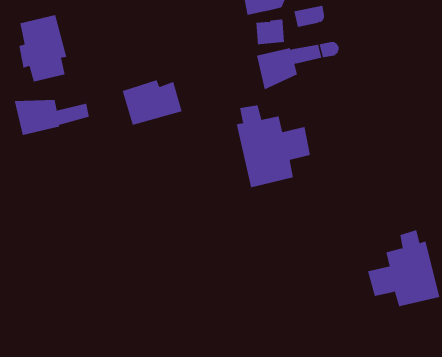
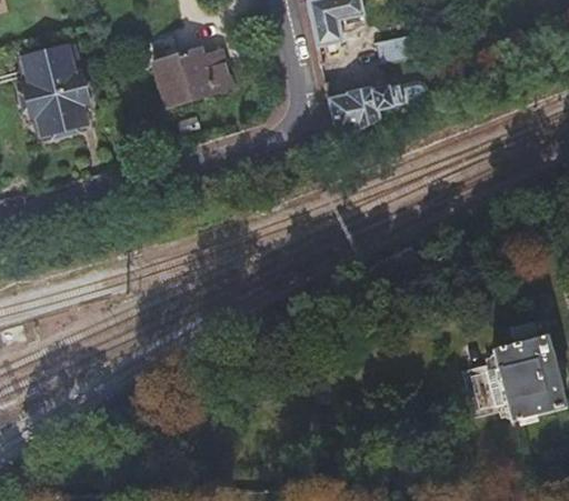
building: [122,79,182,125] -> [154,47,232,106]
building: [14,99,89,136] -> none
building: [236,104,311,188] -> none

